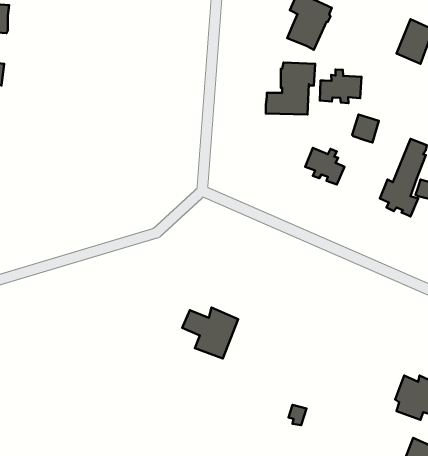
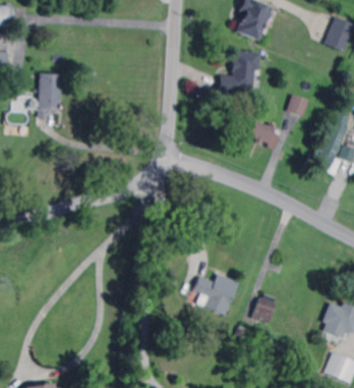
building: [320,70,361,103] -> none
building: none -> [38,72,62,117]
building: [182,308,238,358] -> [193,273,238,314]
building: none -> [252,292,277,323]

